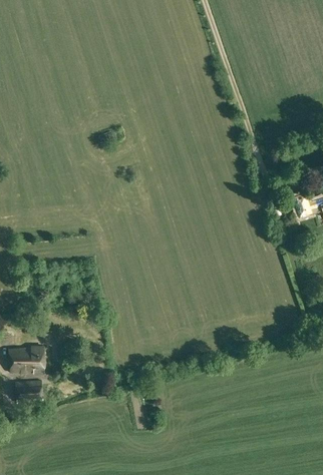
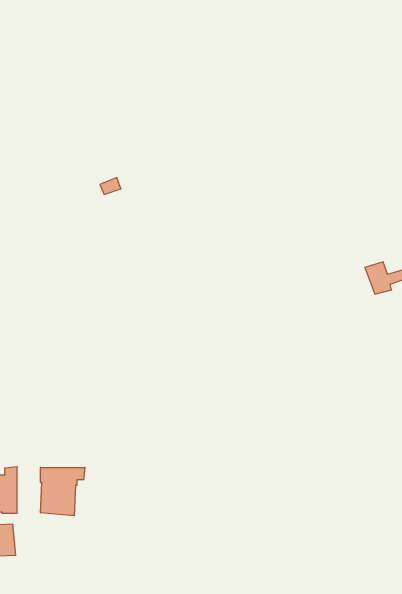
building: none -> [41,467,85,516]

